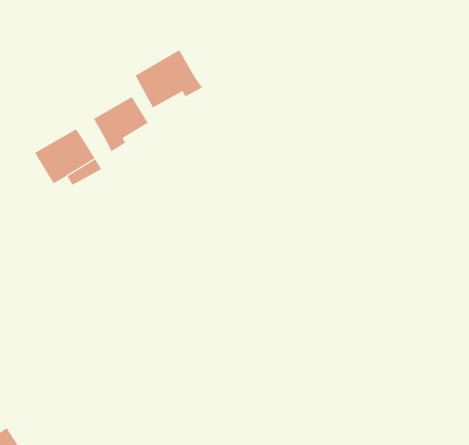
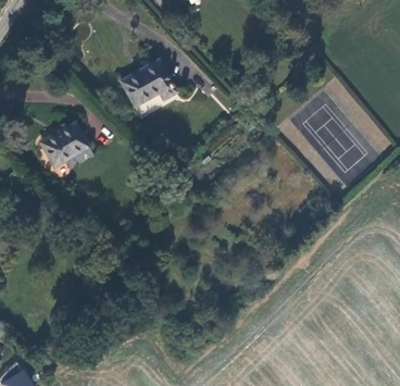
building: [93,96,149,152] -> none

